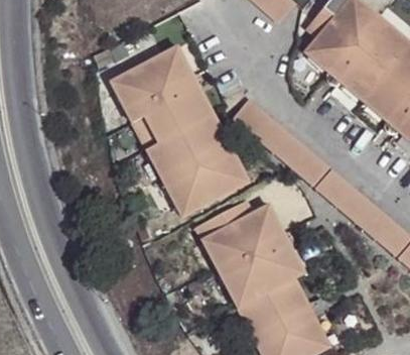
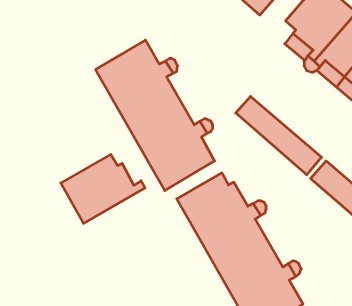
building: none -> [61,154,145,223]

